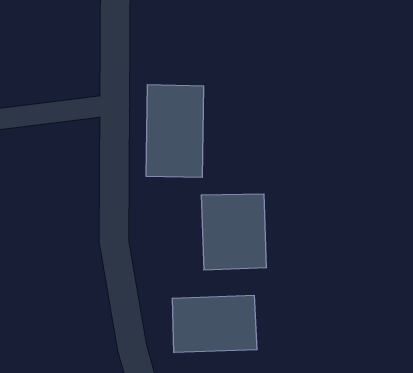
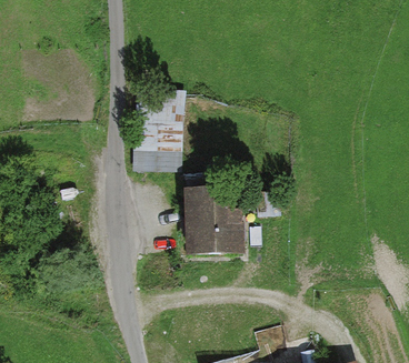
building: [173,295,257,353] -> none

